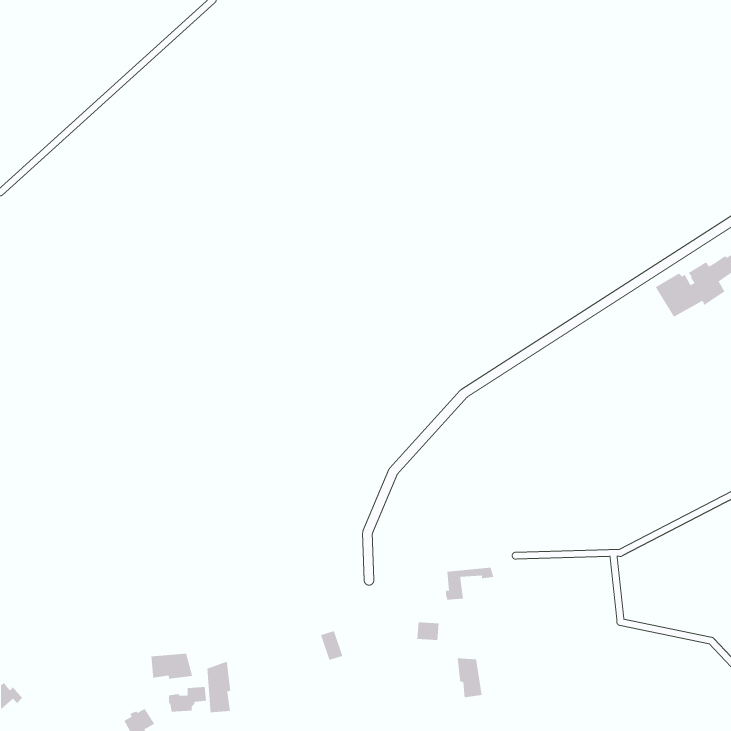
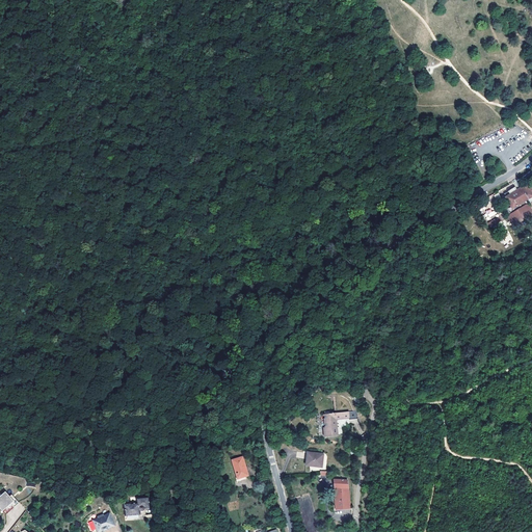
building: [151,653,193,679] -> none
building: [207,661,231,713] -> none

